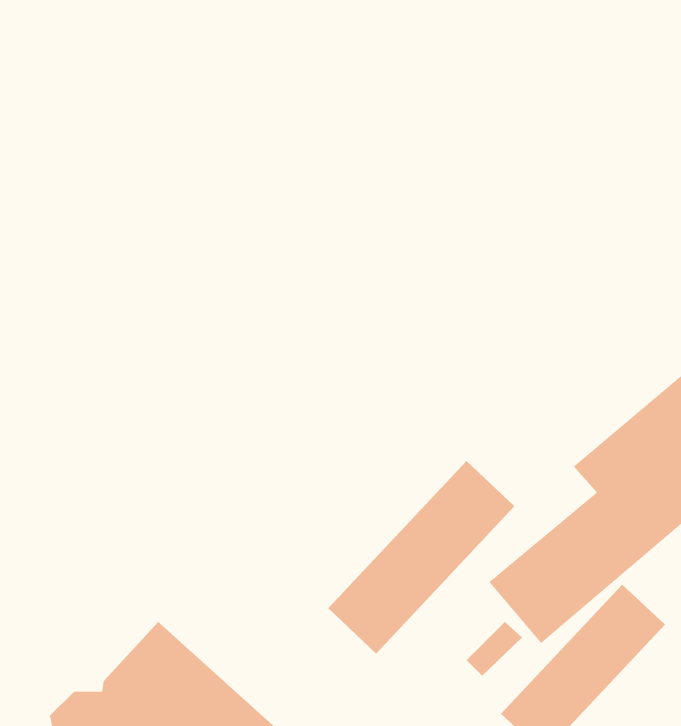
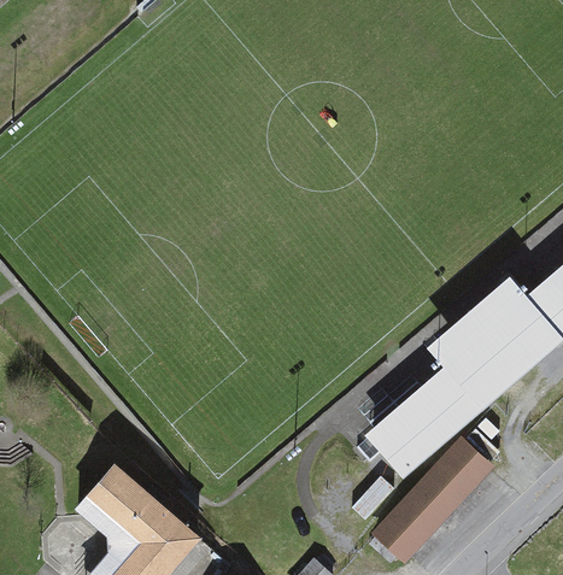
building: [328,460,515,654] -> none

